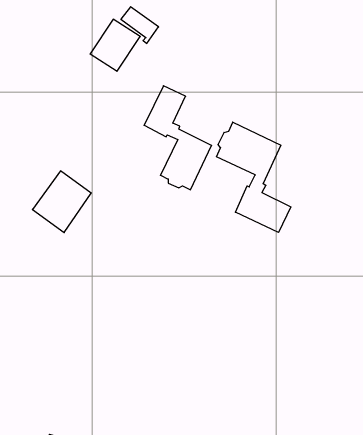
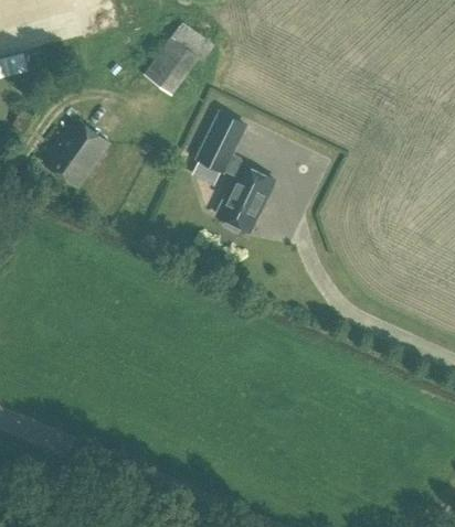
building: [216,122,291,232] -> none
building: [32,171,91,233] -> [41,117,108,187]

